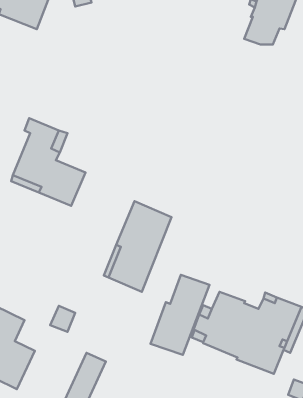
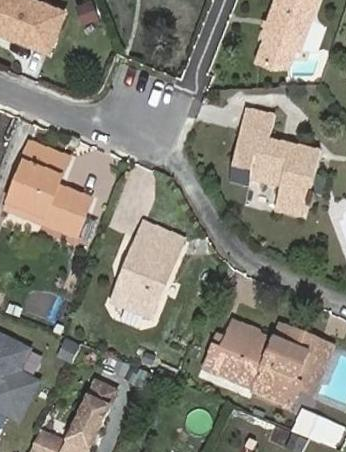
building: none -> [222,104,314,209]
building: [150,275,210,355] -> none

